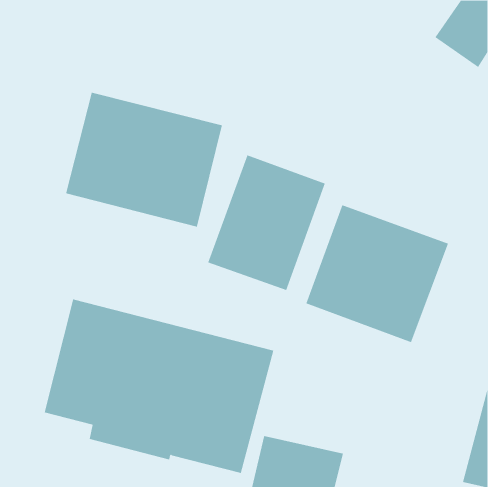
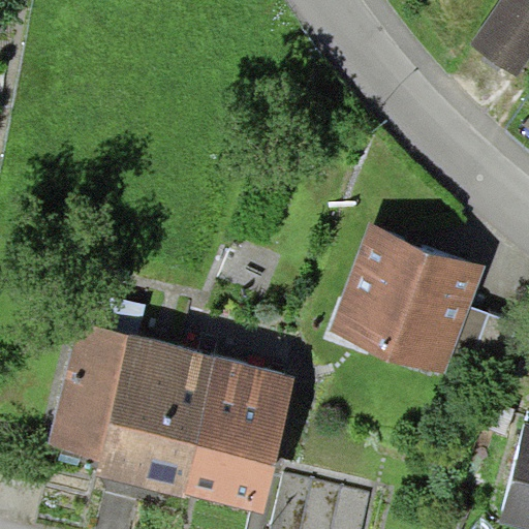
building: [65,92,222,227] -> none
building: [207,155,326,291] -> none

